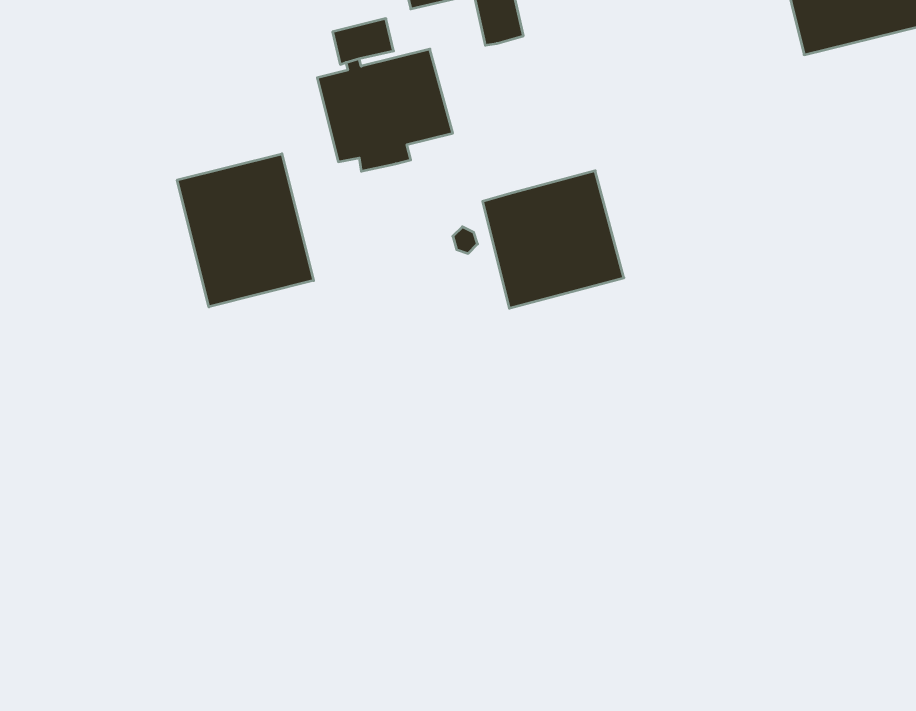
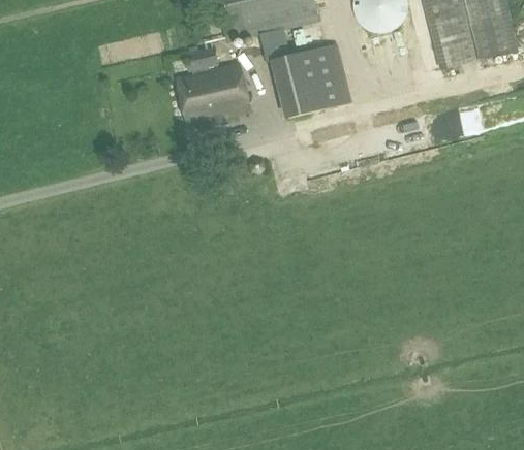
building: [177,154,314,307] -> none
building: [483,171,624,308] -> [274,43,350,118]

